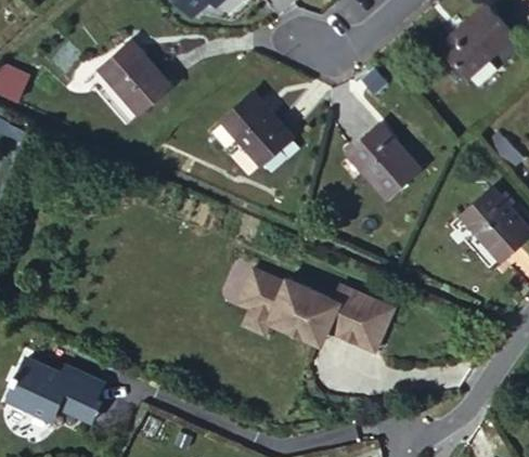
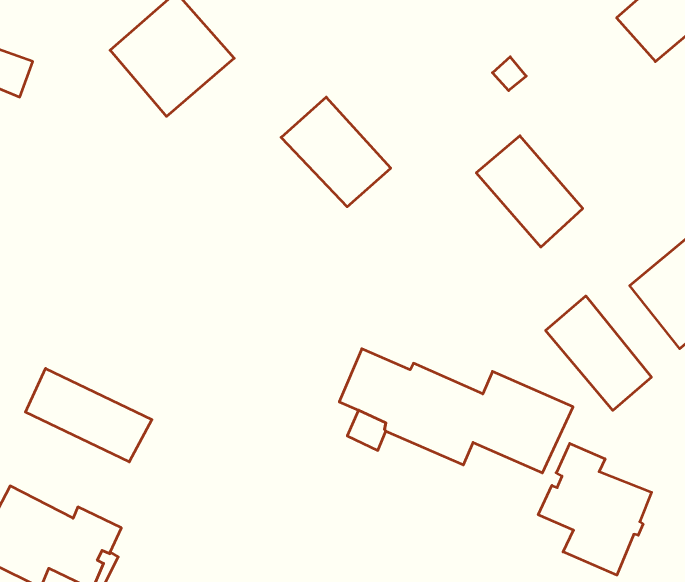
building: none -> [546,296,651,410]
building: none -> [25,368,152,462]
building: none -> [538,443,652,575]

